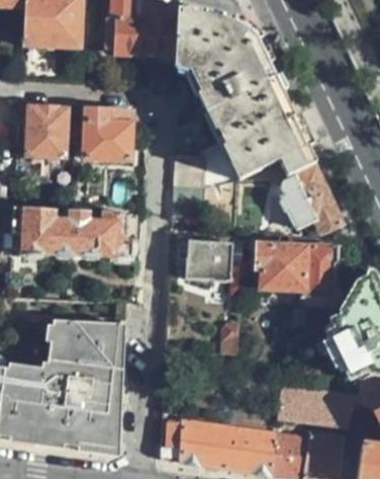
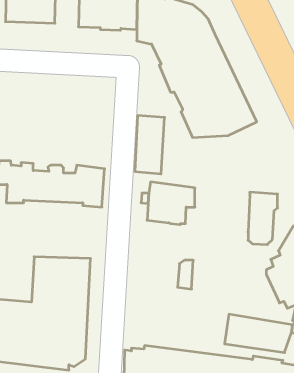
building: [26,106,66,154] -> none
building: [76,108,132,158] -> none
building: [281,164,342,229] -> none
building: [258,242,305,288] -> none

